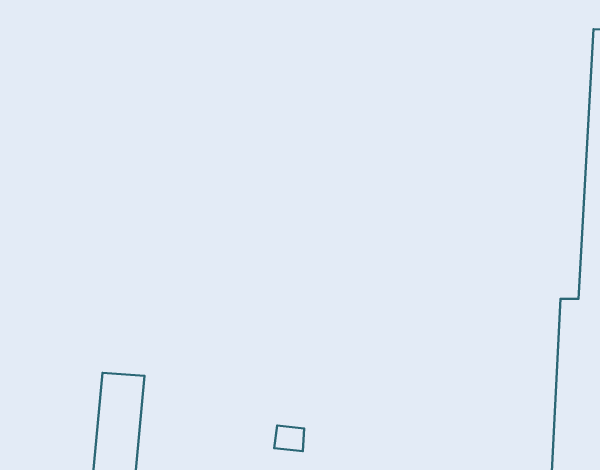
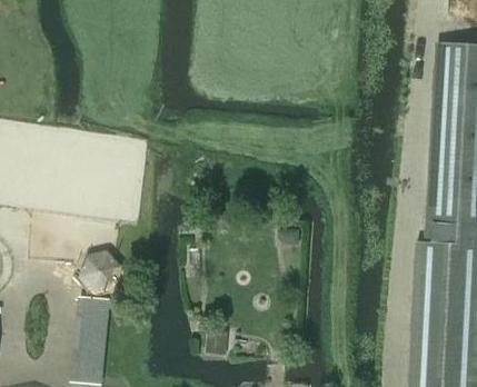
building: none -> [80,248,122,292]

